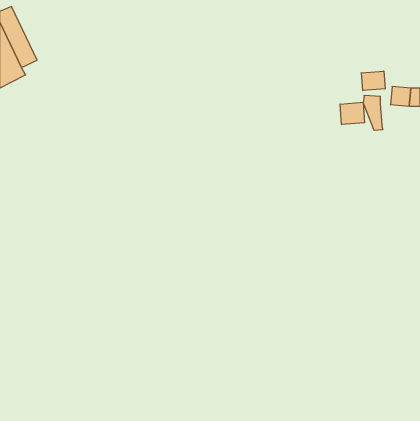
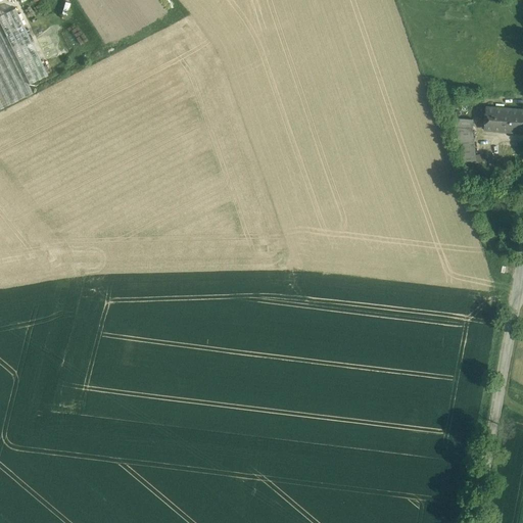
building: [361,71,385,91] -> none
building: [340,102,365,125] -> none

